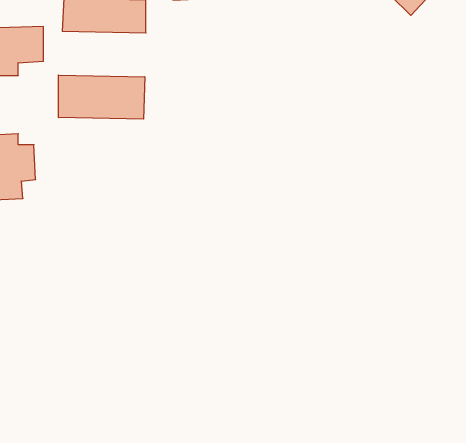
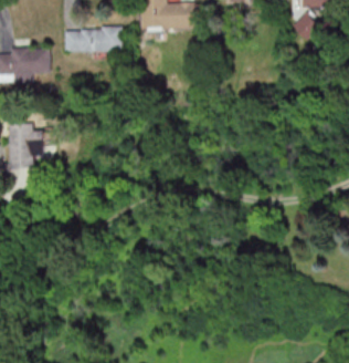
building: [58,75,145,119] -> none

